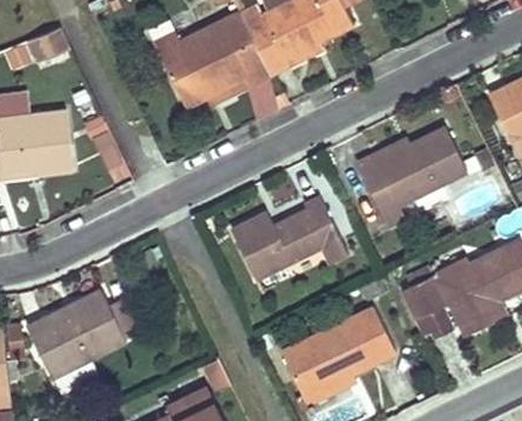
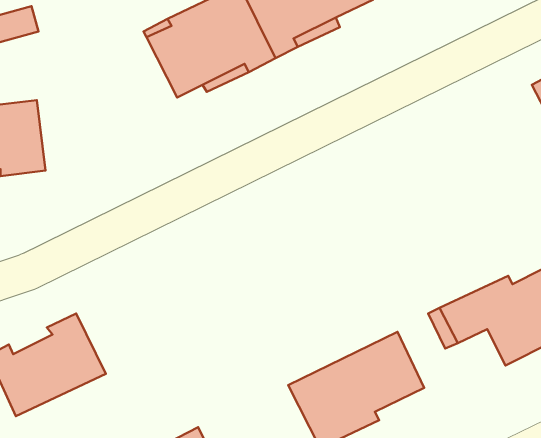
building: [360,127,467,213] -> none
building: [229,195,339,277] -> none

